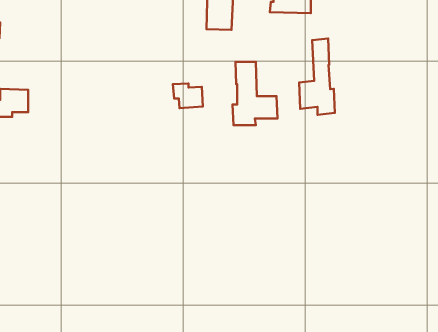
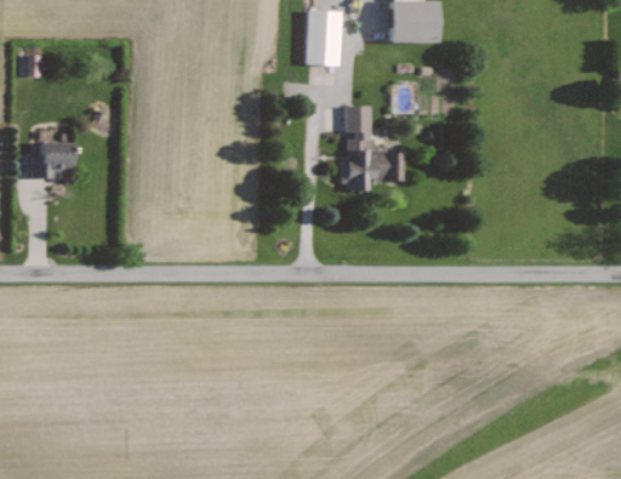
building: [299,39,335,115] -> none
building: [173,83,203,108] -> none

